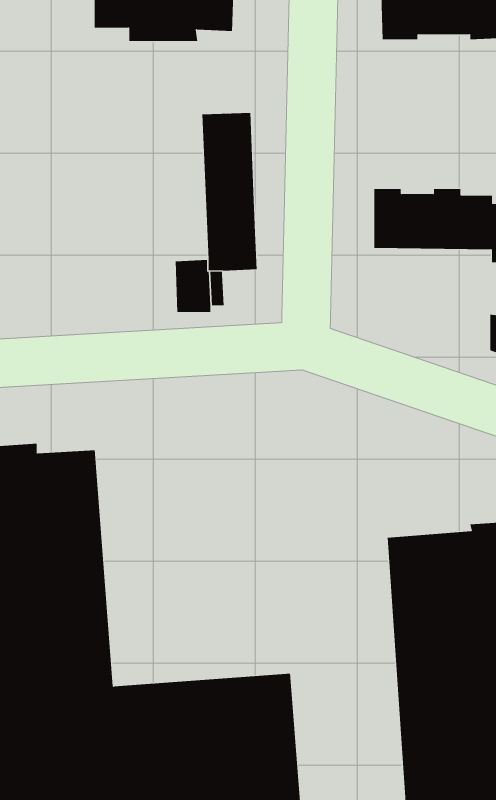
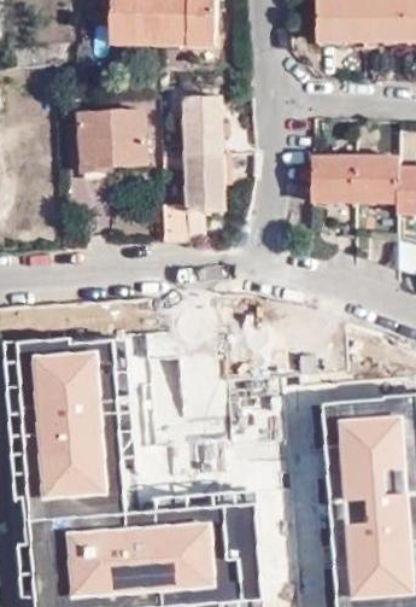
building: none -> [78,110,145,171]

